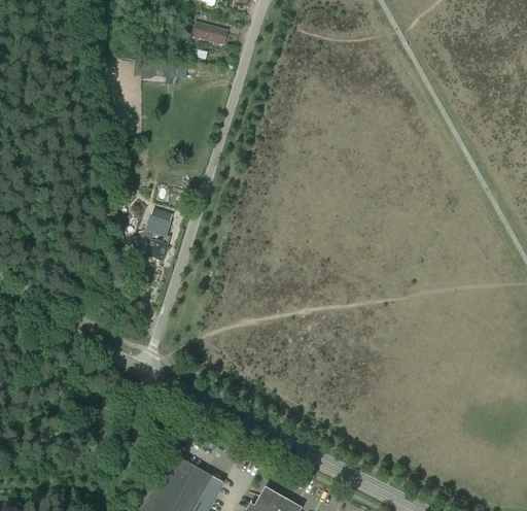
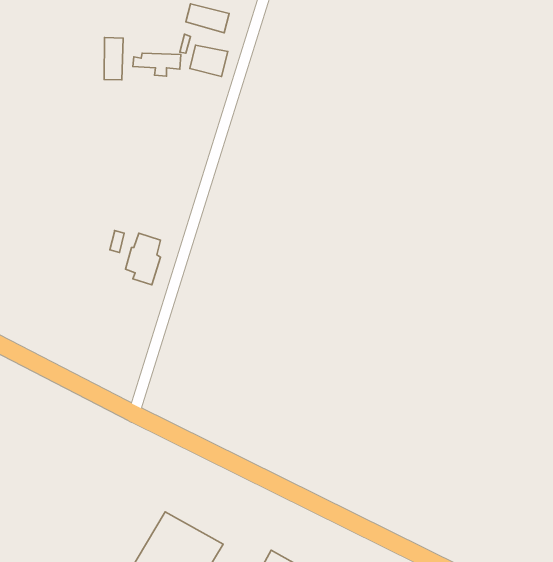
building: none -> [104,37,123,80]
building: none -> [190,45,228,76]

